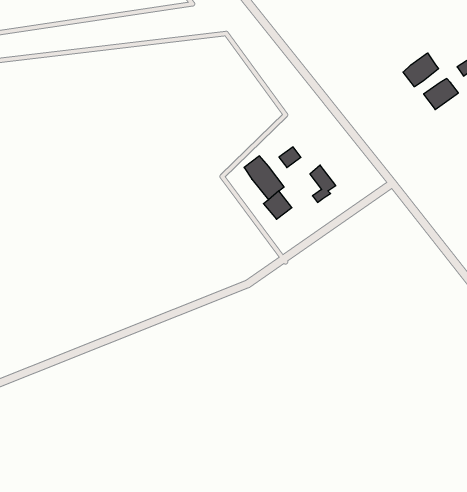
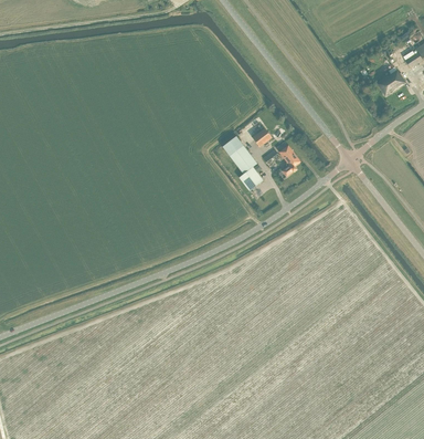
building: [403,53,439,87] -> none

